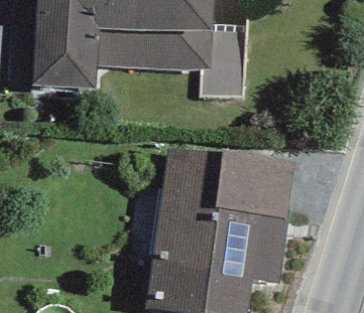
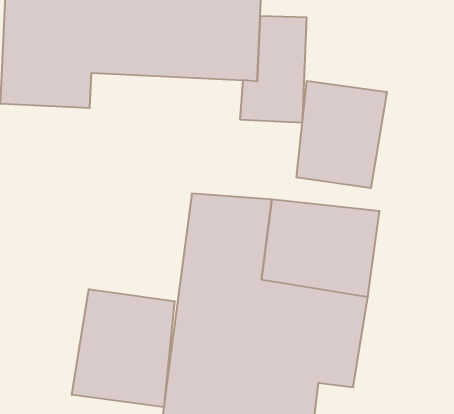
building: none -> [297,81,387,188]
building: none -> [72,289,174,407]

